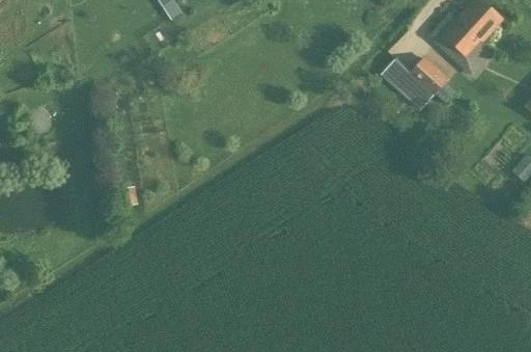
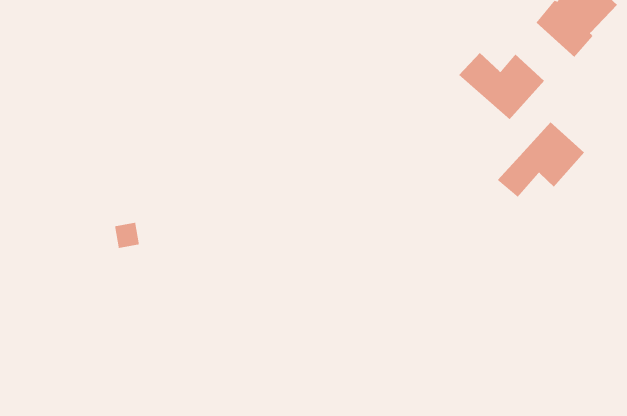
building: none -> [497,122,585,198]

